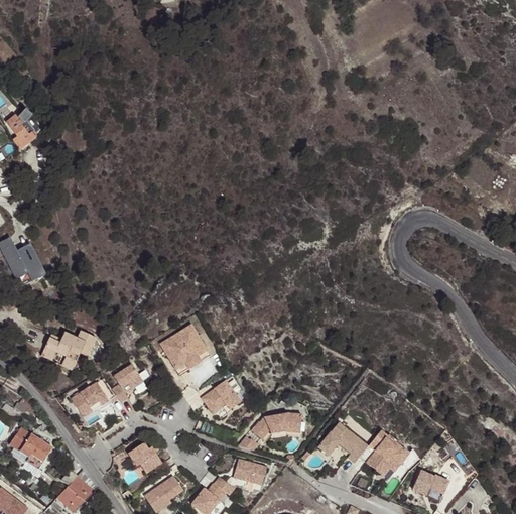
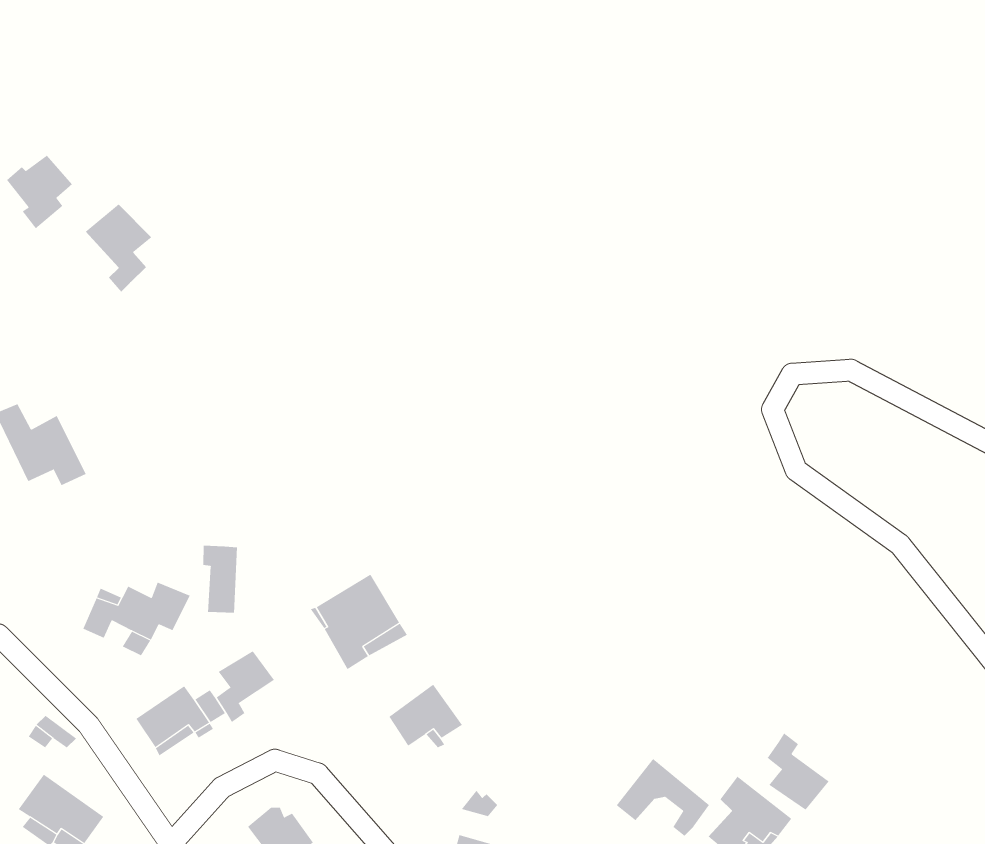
building: none -> [85,204,152,292]
building: none -> [203,545,238,614]
building: none -> [767,732,829,811]
building: [251,411,300,438] -> none

